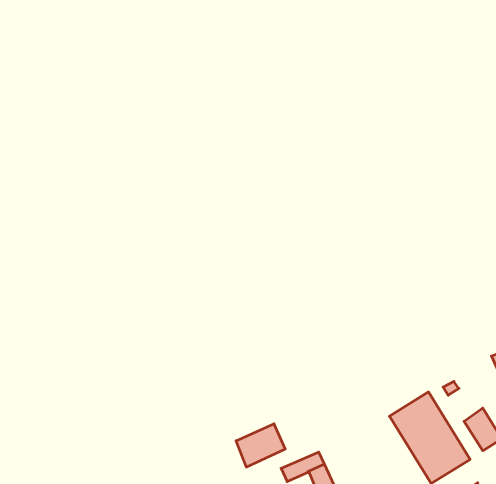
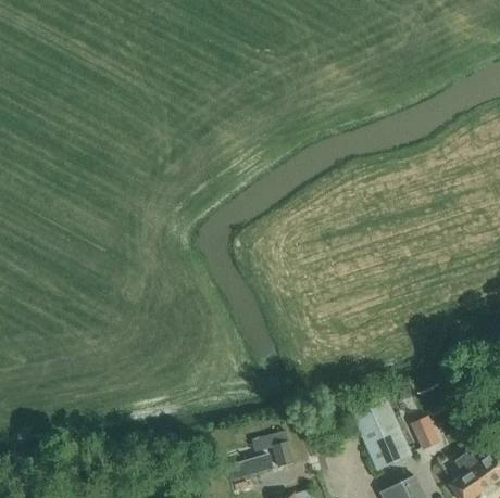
building: [236,424,285,467] -> none

